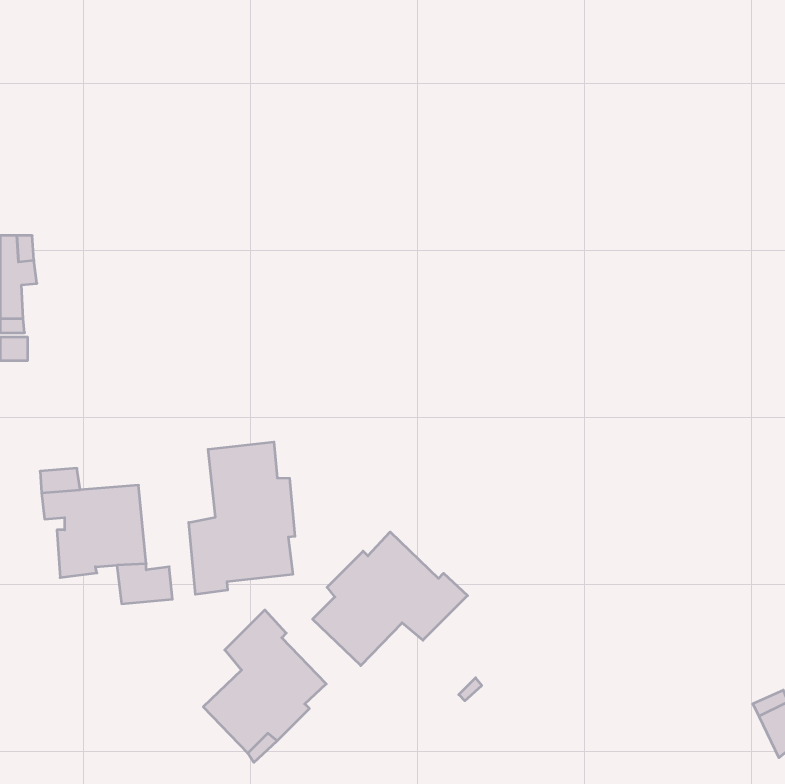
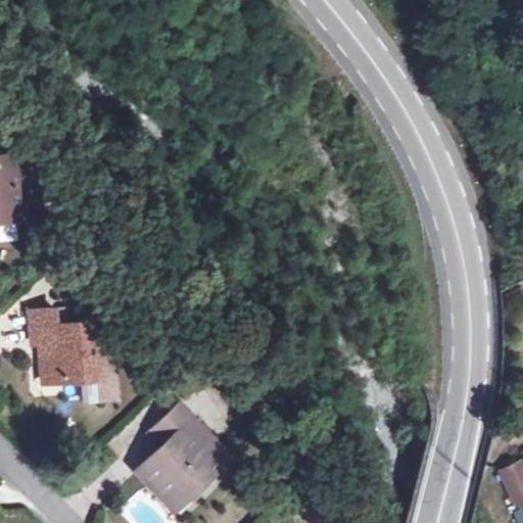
building: [189,442,295,594] -> none
building: [313,532,468,666] -> none

